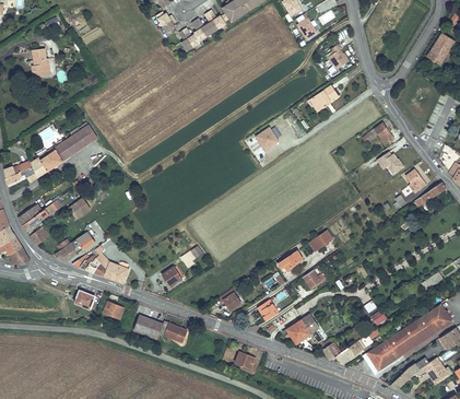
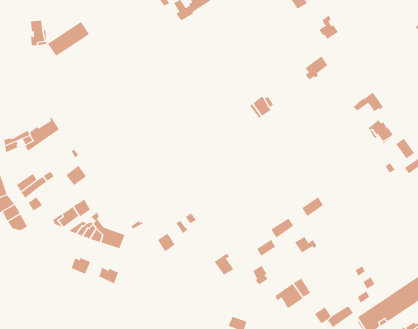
building: [55,125,98,161] -> [47,21,90,57]
building: [134,315,187,341] -> none

